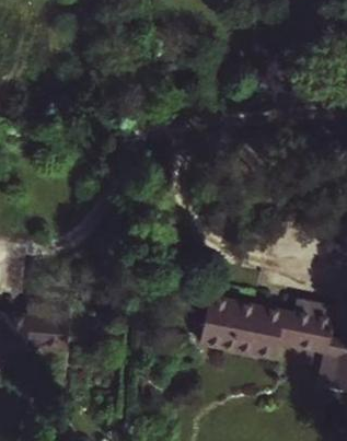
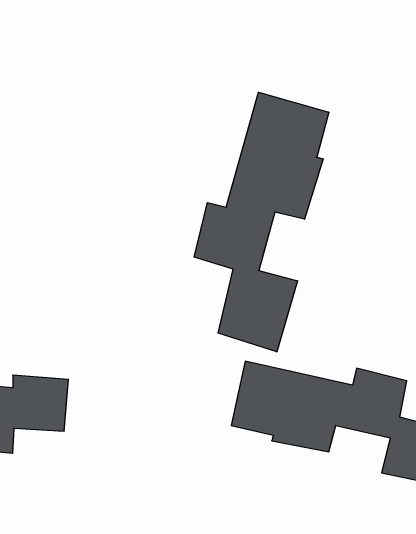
building: none -> [194,92,329,352]

